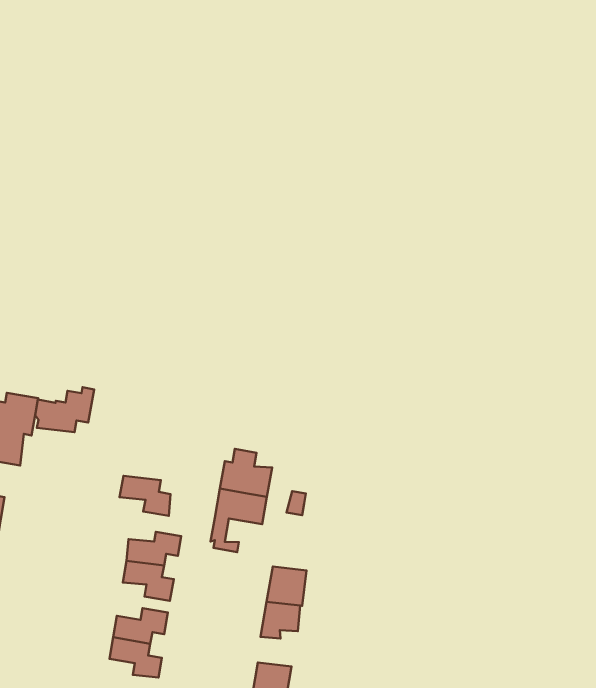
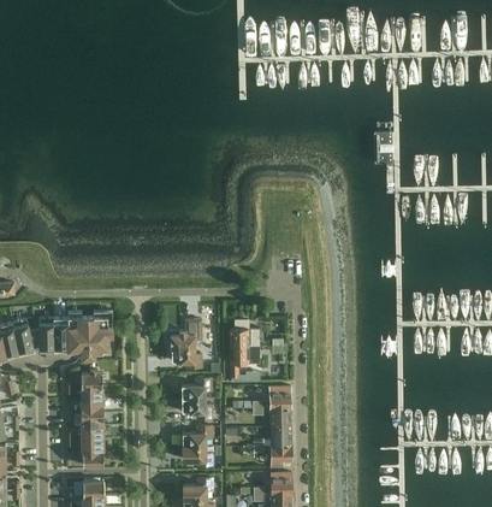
building: [35,387,94,432] -> [166,319,198,348]
building: none -> [250,423,289,446]

